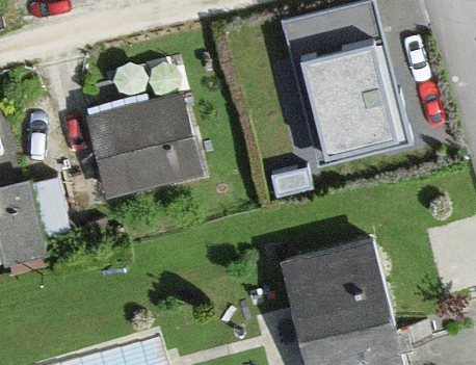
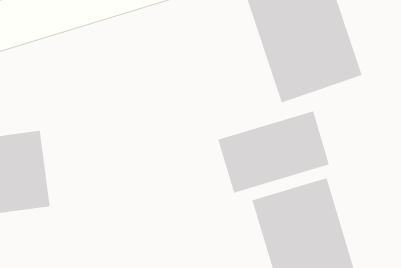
building: [95,106,199,193] -> none
building: none -> [218,111,329,193]

